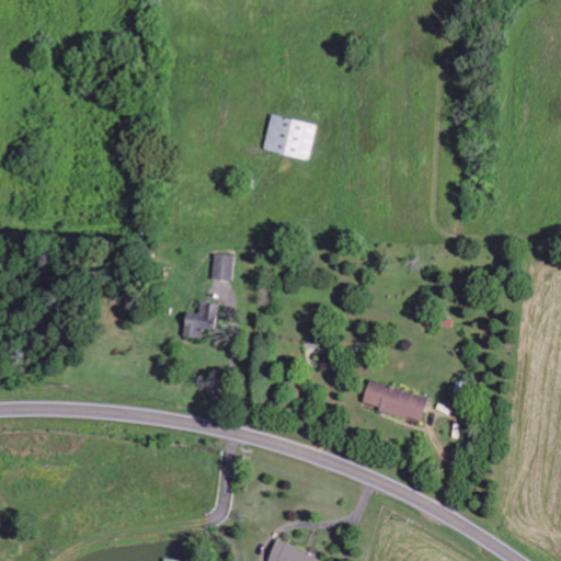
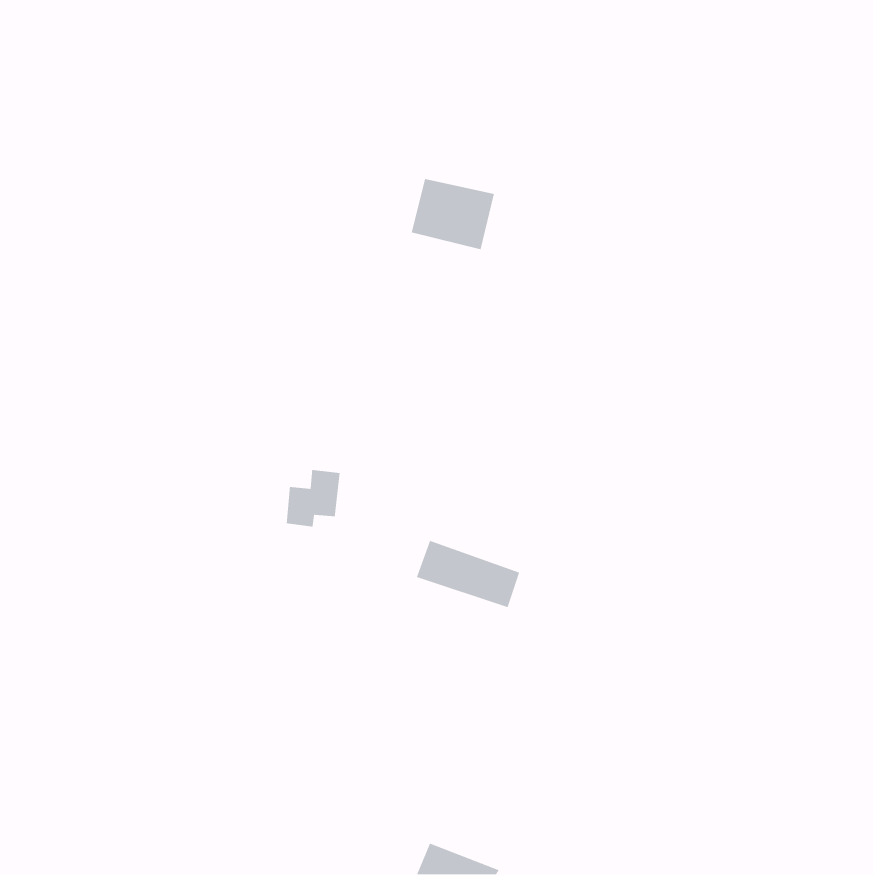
building: [211,252,236,280] -> none
building: [360,378,427,422] -> [416,540,520,608]

